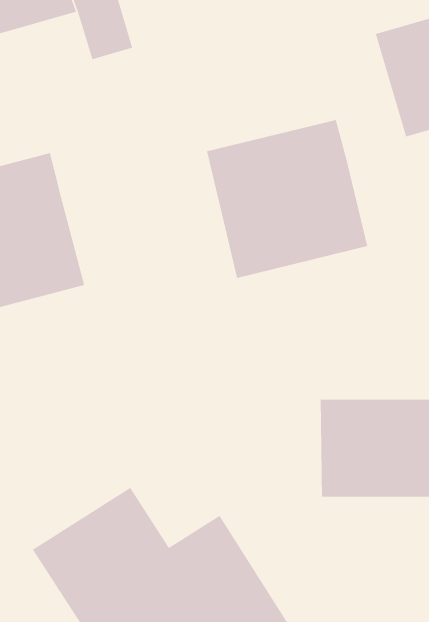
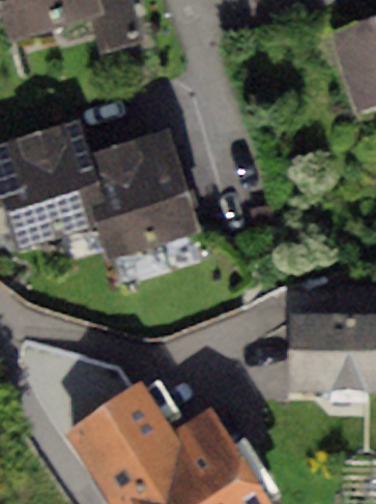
building: [206,119,368,279] -> none
building: none -> [86,131,196,253]

